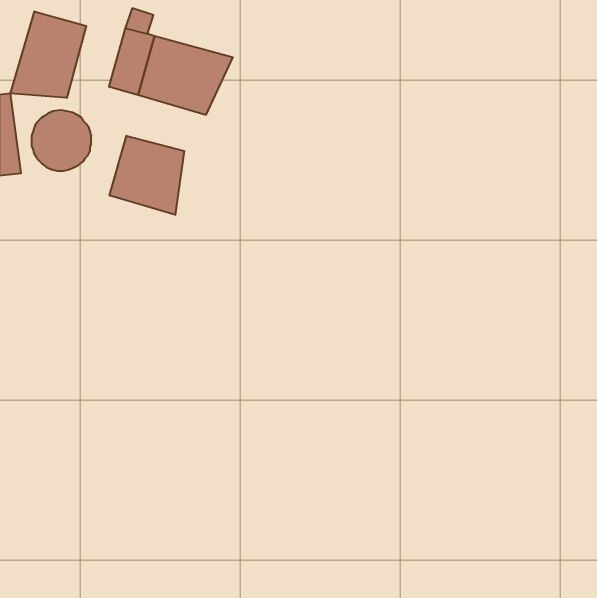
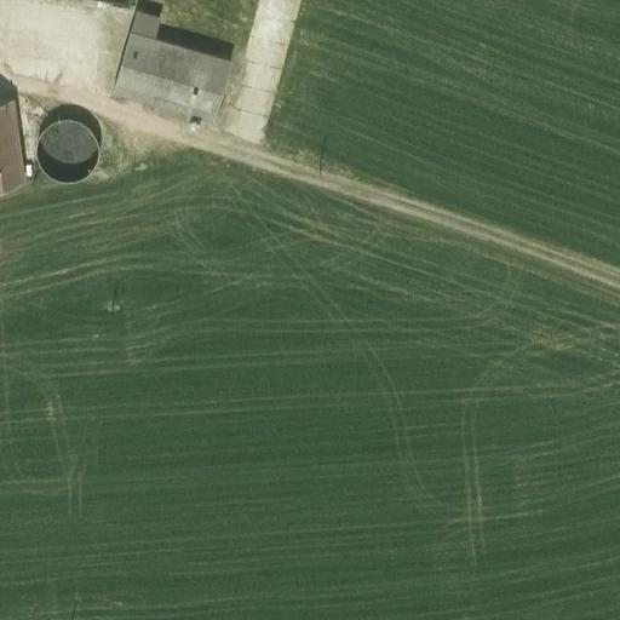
building: [11,11,86,98] -> none
building: [110,136,184,215] -> none

